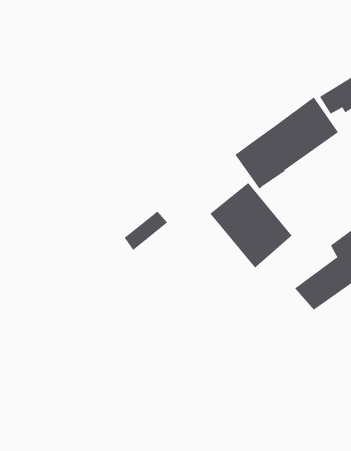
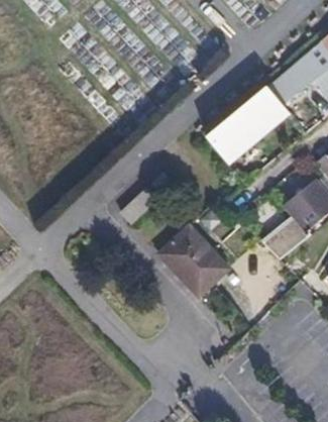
building: [210,182,293,268] -> [156,223,226,294]

